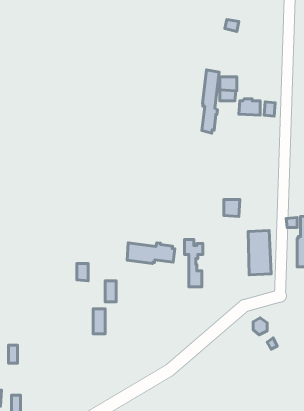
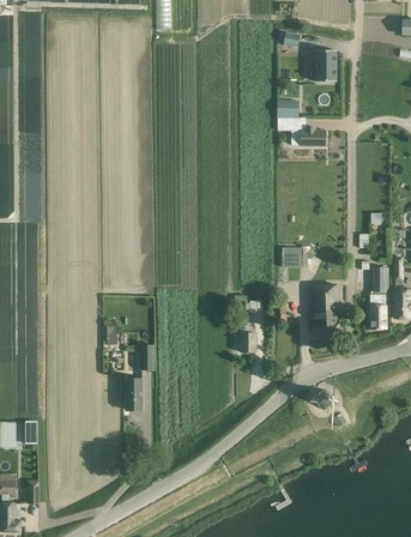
building: none -> [314,49,334,82]
building: [202,70,219,133] -> none
building: [127,243,175,263] -> none

